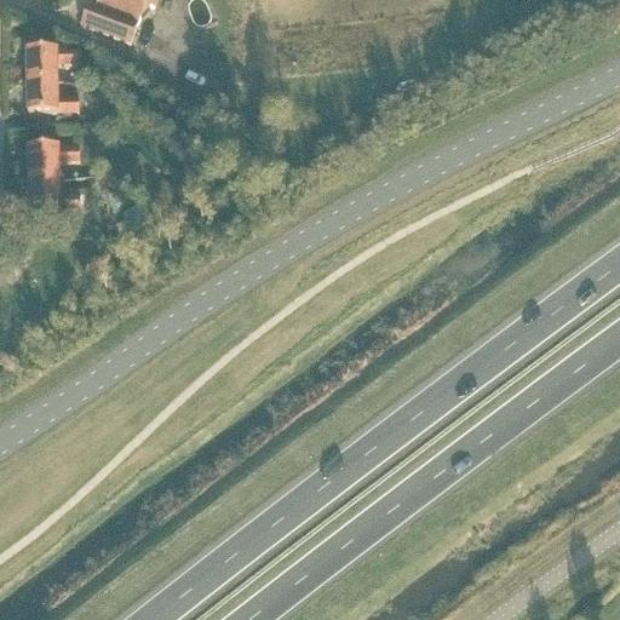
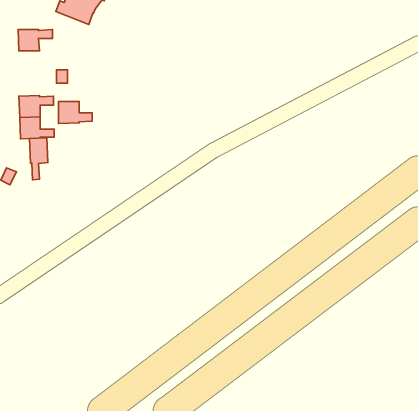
building: [28,75,78,108] -> [58,101,92,124]
building: none -> [30,138,48,180]

